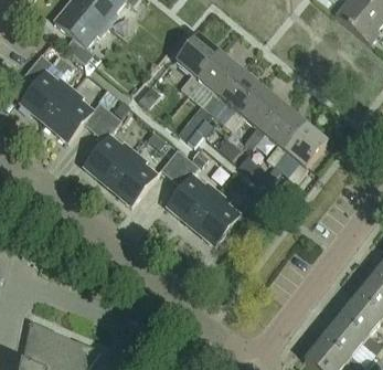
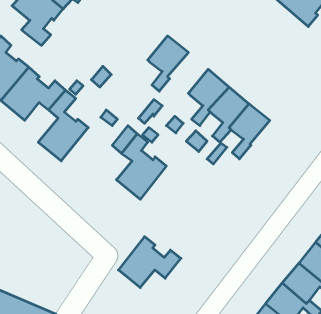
building: [175,34,219,94] -> none
building: [219,70,262,129] -> none
building: [106,149,157,204] -> none
building: [190,190,256,244] -> [118,237,181,288]

